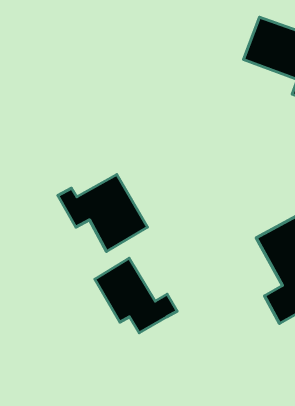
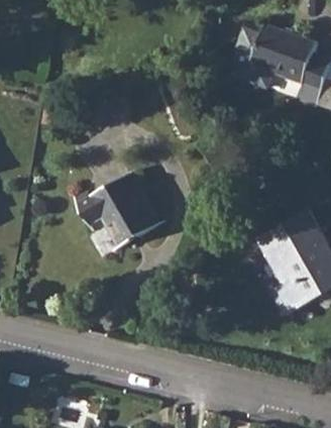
building: [95,258,177,333] -> none

